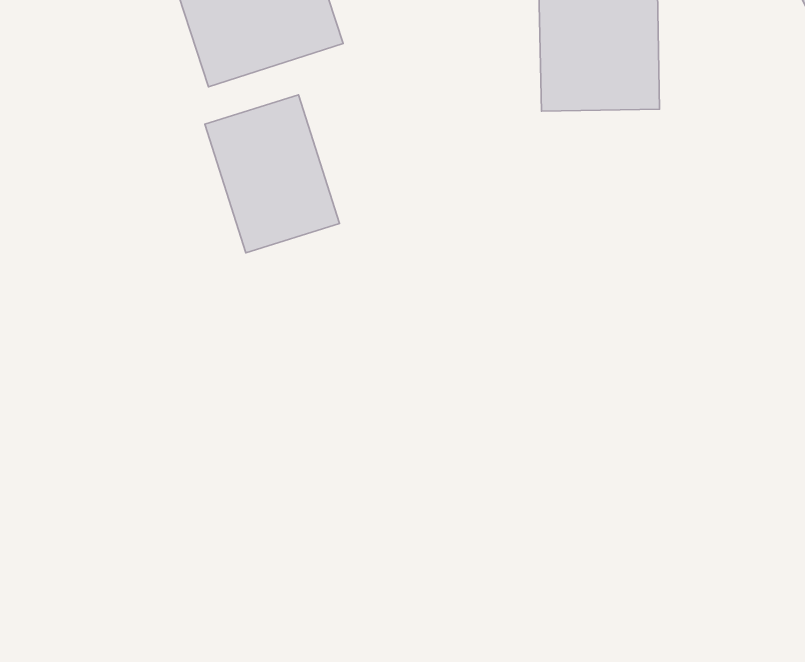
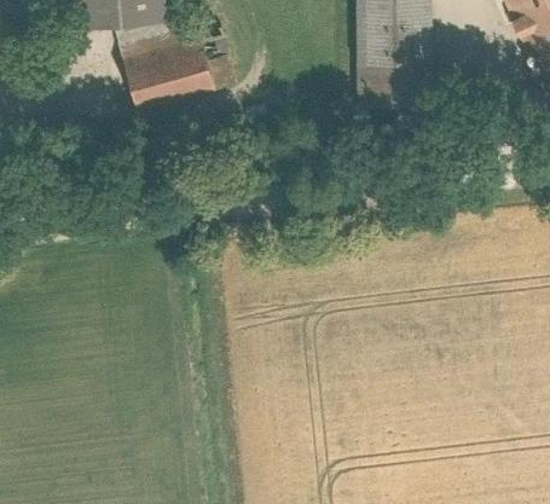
building: [205,95,340,253] -> none

